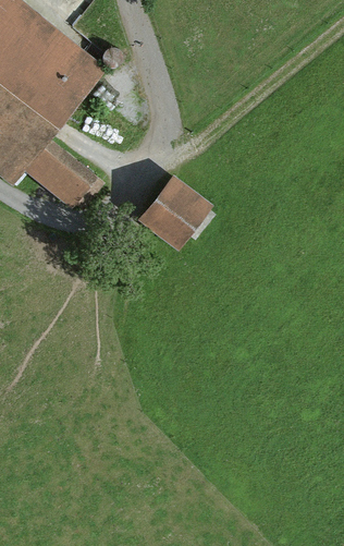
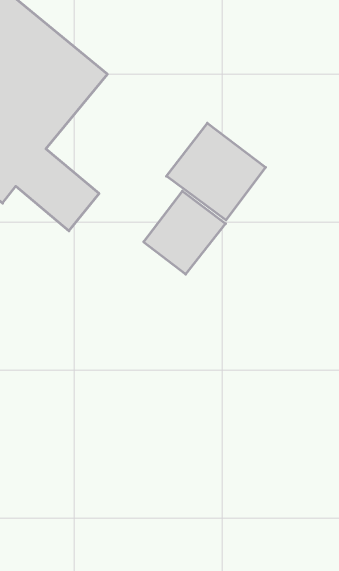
building: none -> [166,123,266,220]

